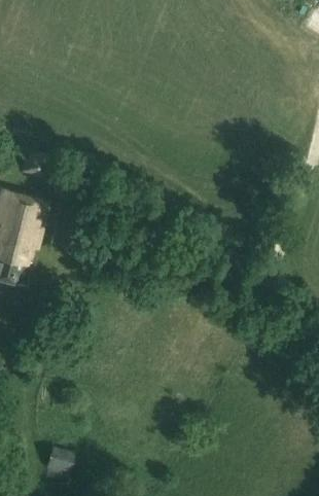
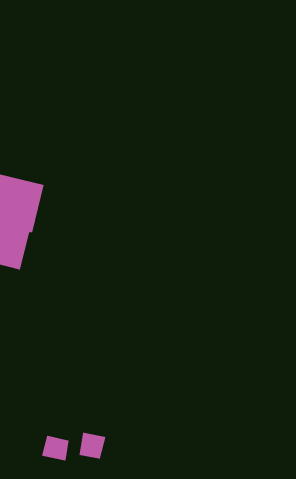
building: none -> [79,432,106,459]

